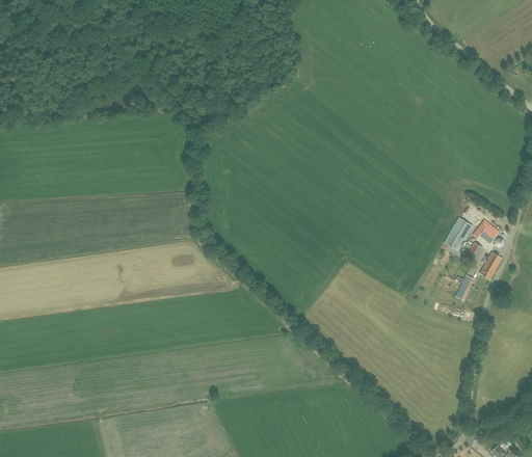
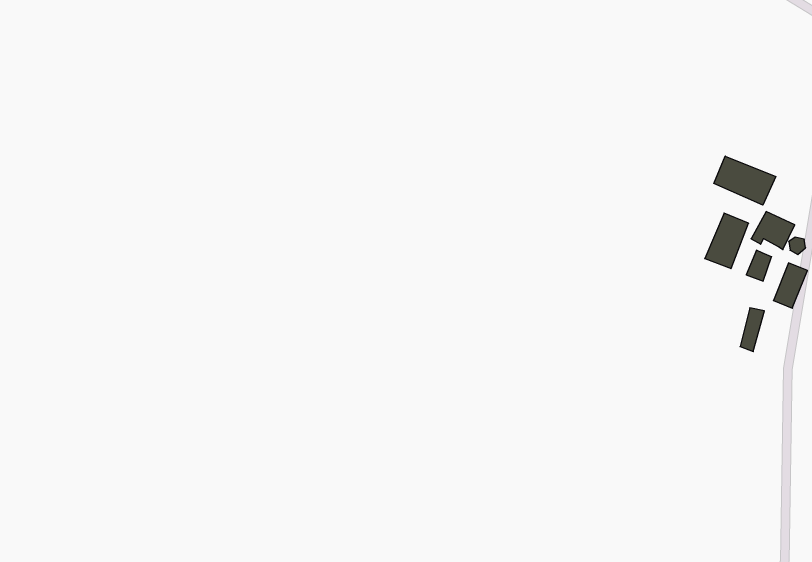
building: none -> [714,156,776,205]

